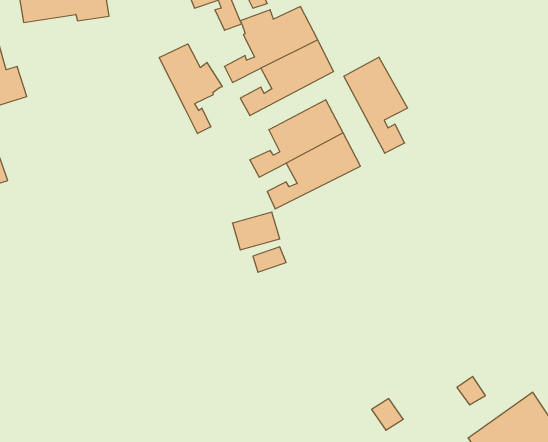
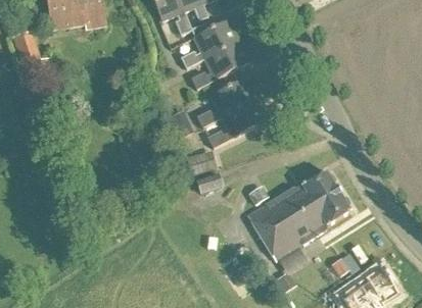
building: [159,44,222,134] -> none
building: [344,57,408,153] -> none
building: none -> [247,169,350,260]

